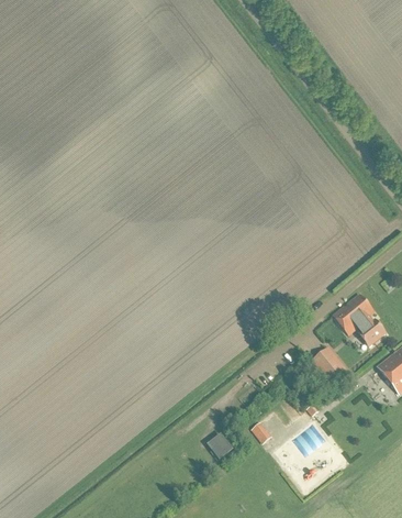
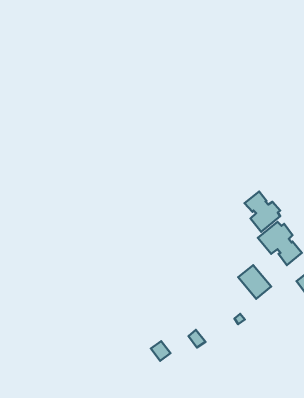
building: none -> [245,191,280,232]

